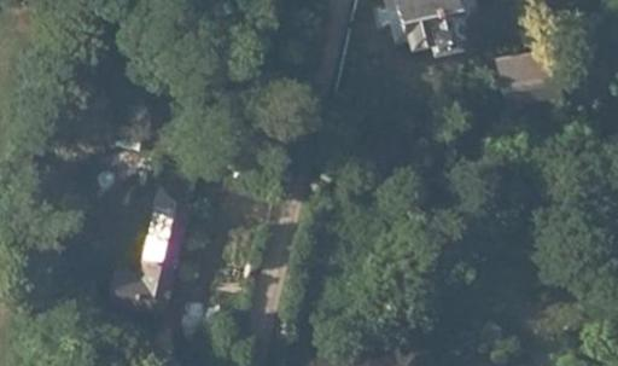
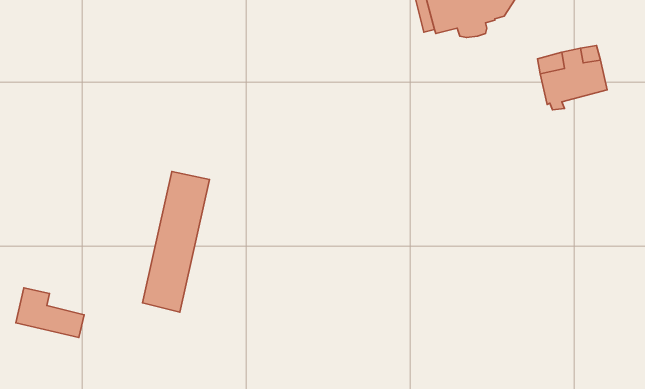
building: [113,263,175,308] -> [16,288,84,338]

